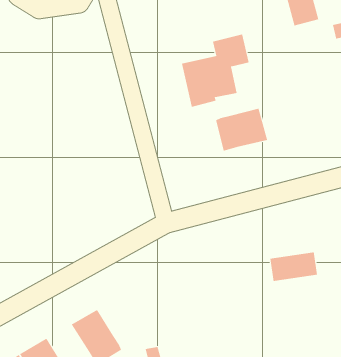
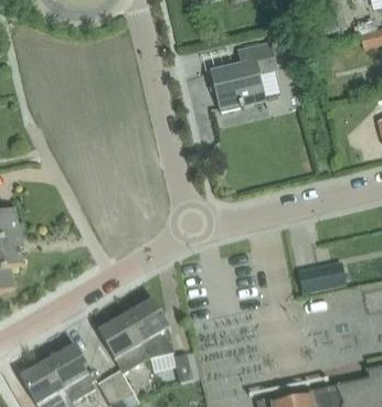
building: [215,108,268,151] -> none
building: none -> [124,300,172,357]

